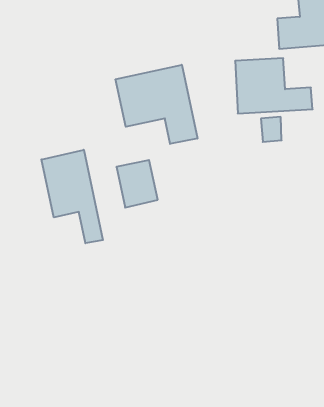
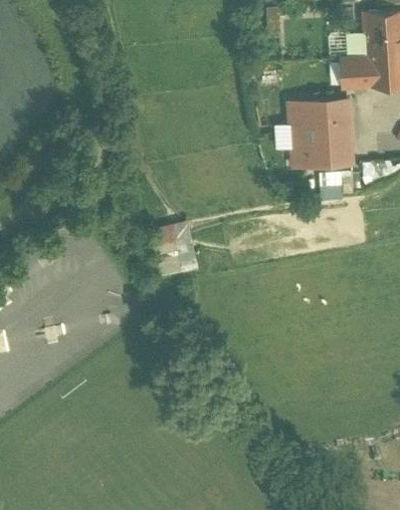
building: [116,65,197,144] -> none
building: [41,150,103,243] -> none

